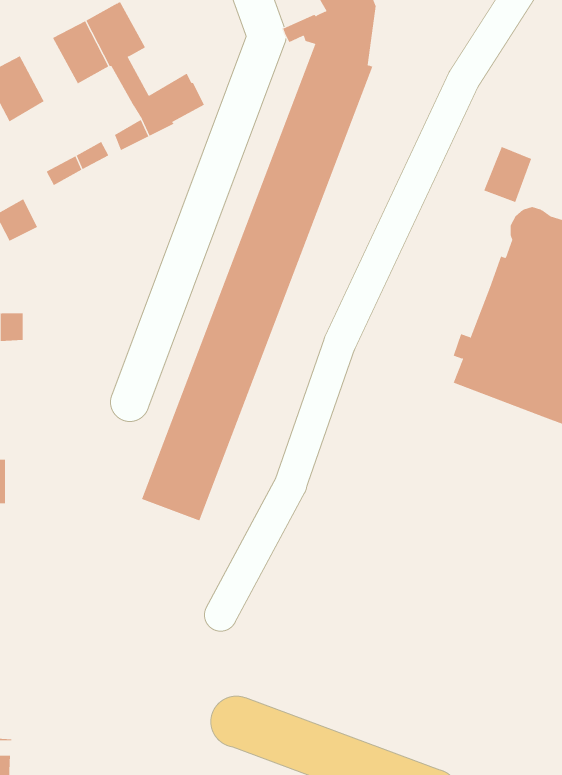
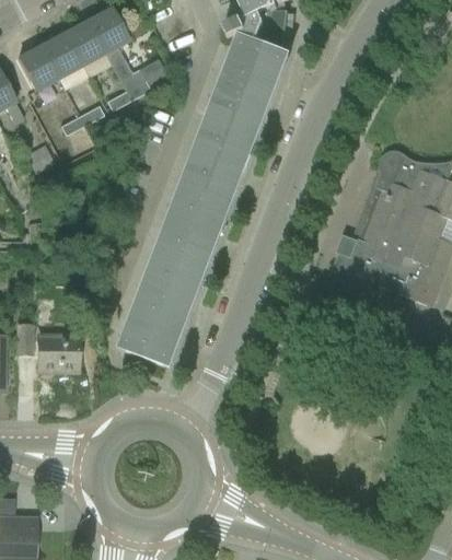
building: none -> [42,34,86,88]
building: [483,146,532,203] -> none
building: none -> [37,337,77,371]

